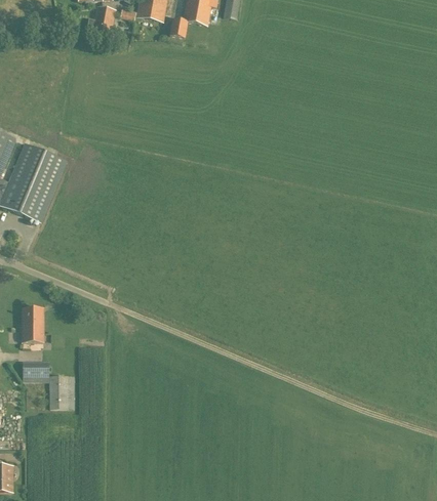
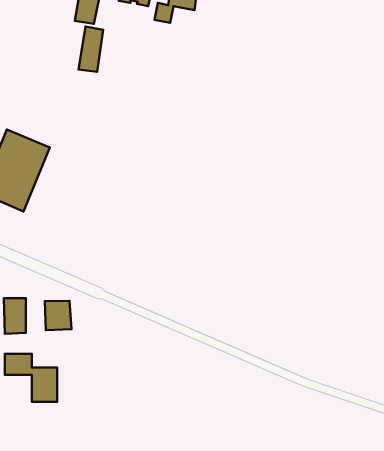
building: none -> [78,26,103,72]
building: none -> [45,301,72,330]

